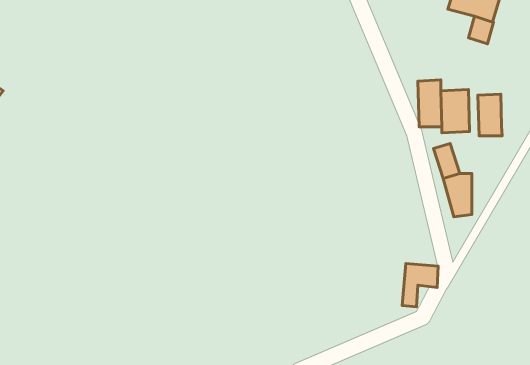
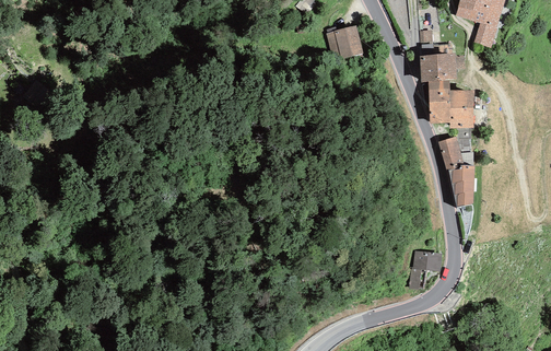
building: none -> [326,26,362,61]
building: none -> [419,52,456,82]
building: [478,94,502,136] -> none

